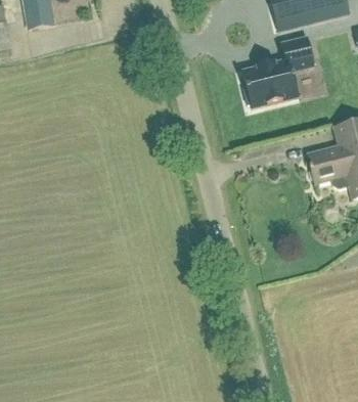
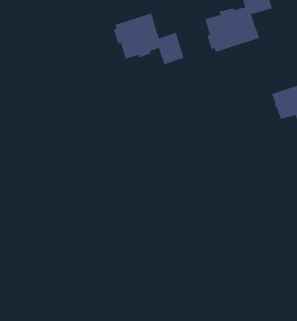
building: none -> [113,13,184,65]

